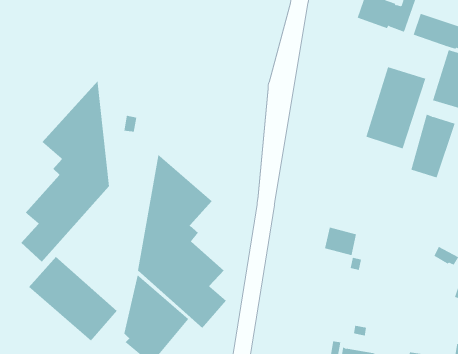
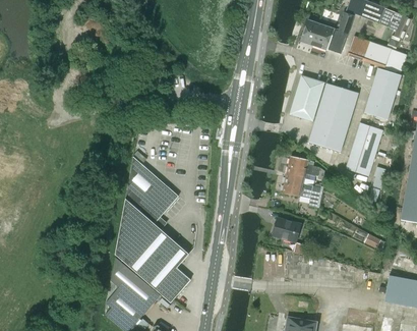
building: none -> [289,75,323,121]
building: [20,80,110,263] -> none
building: none -> [282,156,329,207]
building: [28,256,117,341] -> none

